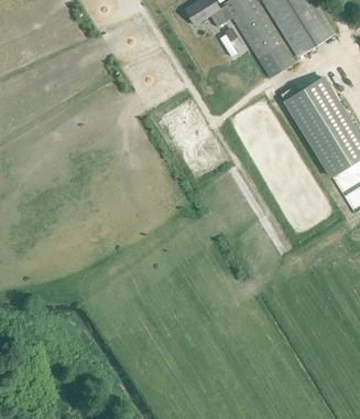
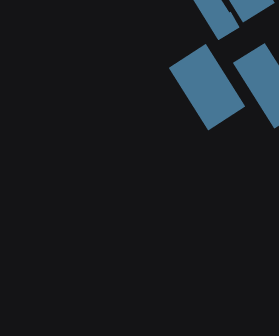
building: none -> [168,43,246,131]

